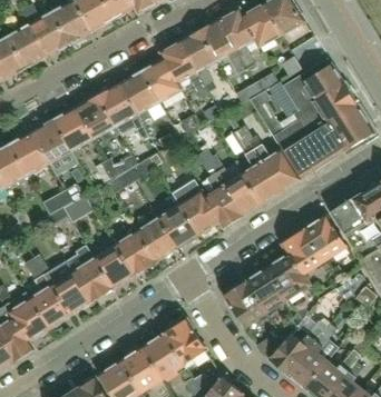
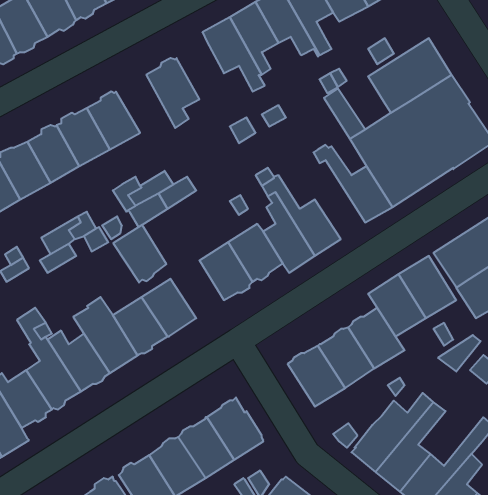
building: [140,59,179,101] -> none
building: [96,83,139,133] -> none
building: [225,113,279,204] -> none
building: [136,219,175,261] -> [113,225,166,283]

